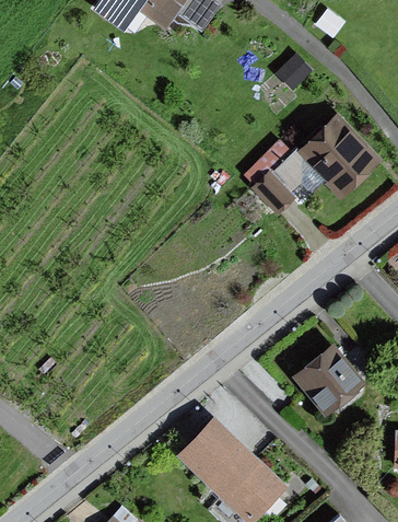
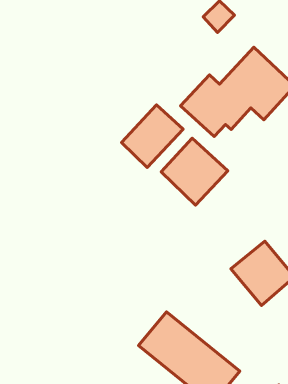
building: none -> [121,105,183,167]
building: none -> [161,138,228,205]

